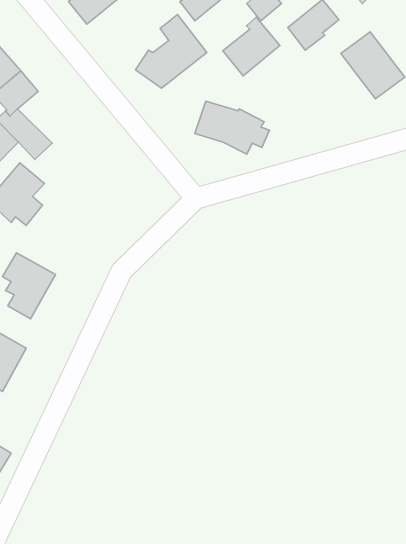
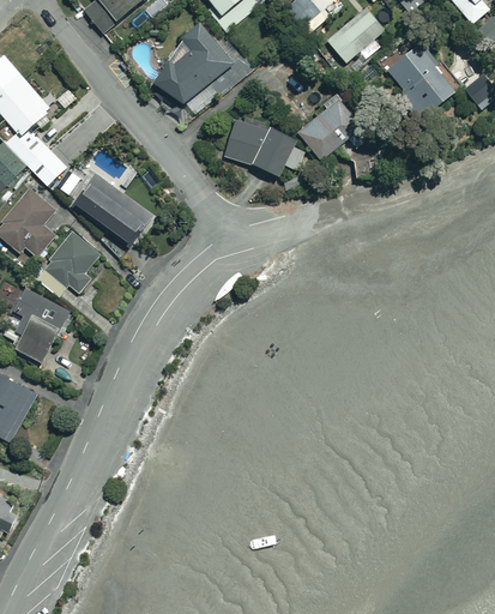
building: [223,17,280,76] -> [300,96,363,161]
building: none -> [73,171,151,242]
building: none -> [43,229,97,290]

